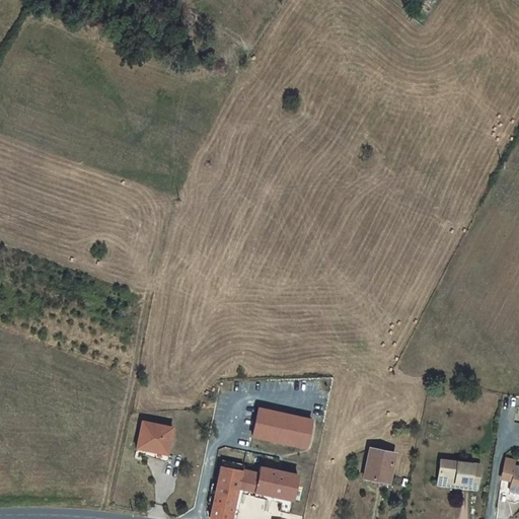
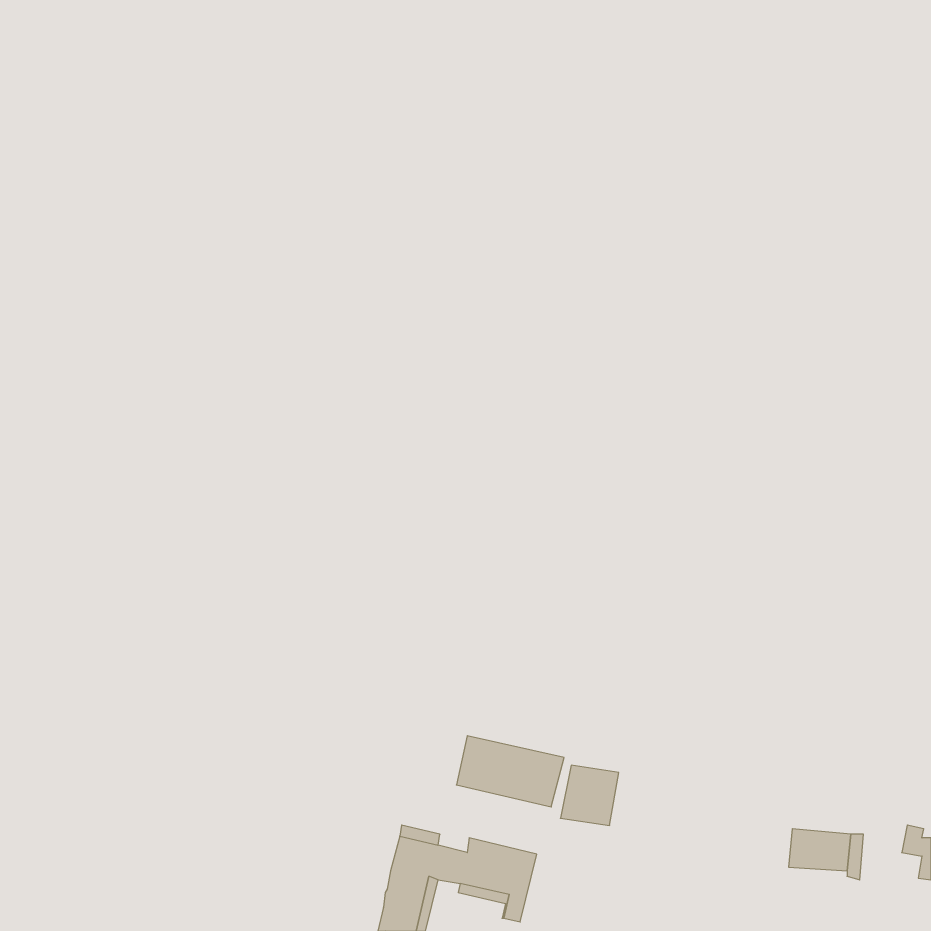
building: [137,421,171,453] -> none
building: [363,449,395,483] -> [560,765,619,825]

